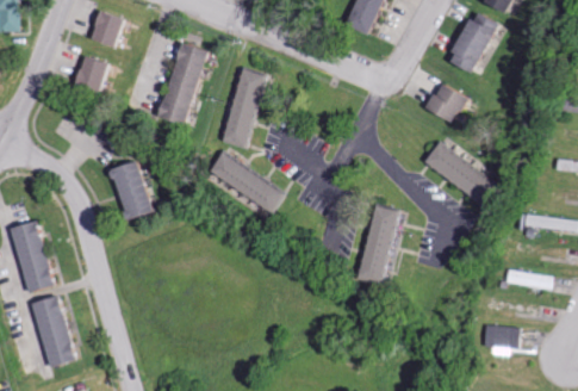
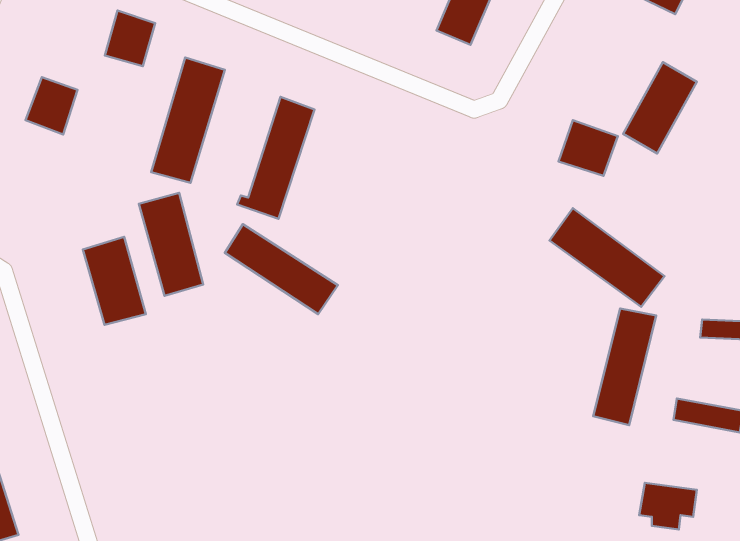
building: [92,10,125,46] -> [105,10,155,66]
building: [449,11,498,72] -> [623,62,697,154]
building: none -> [139,193,203,296]
building: [363,205,405,283] -> [593,308,656,425]

